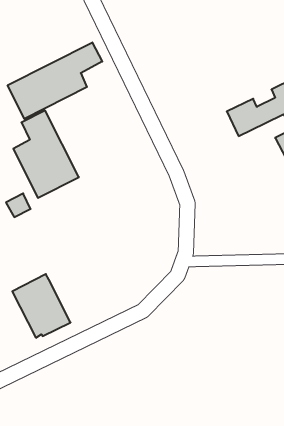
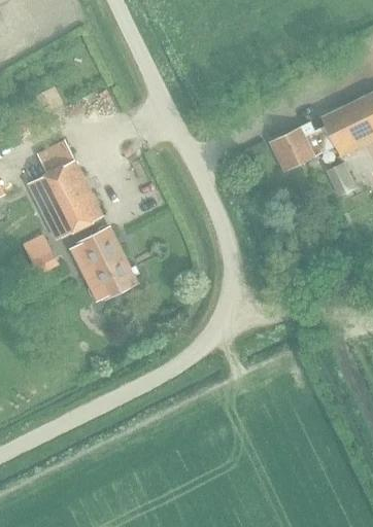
building: [8,42,102,119] -> none
building: [12,274,71,338] -> [70,229,136,301]

